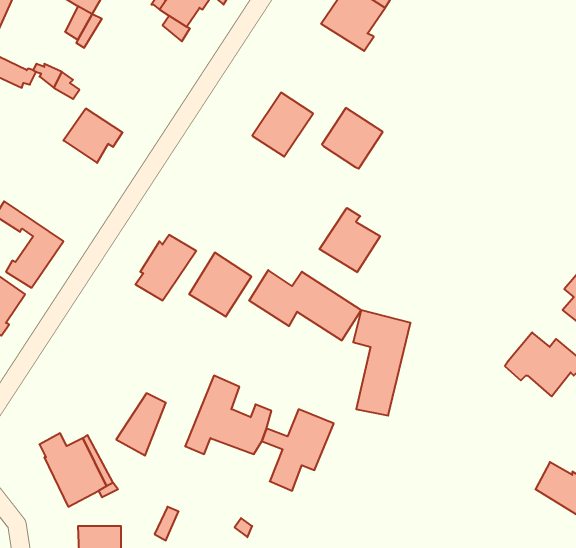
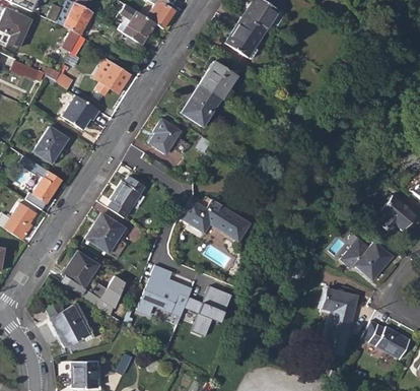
building: none -> [93,59,131,95]
building: [322,108,383,169] -> [199,61,237,100]
building: none -> [149,119,182,154]
building: none -> [32,126,68,162]
building: [320,208,380,272] -> none
building: [189,253,251,317] -> [86,212,126,253]
building: [353,310,411,416] -> [323,287,359,354]
building: none -> [62,251,99,289]

